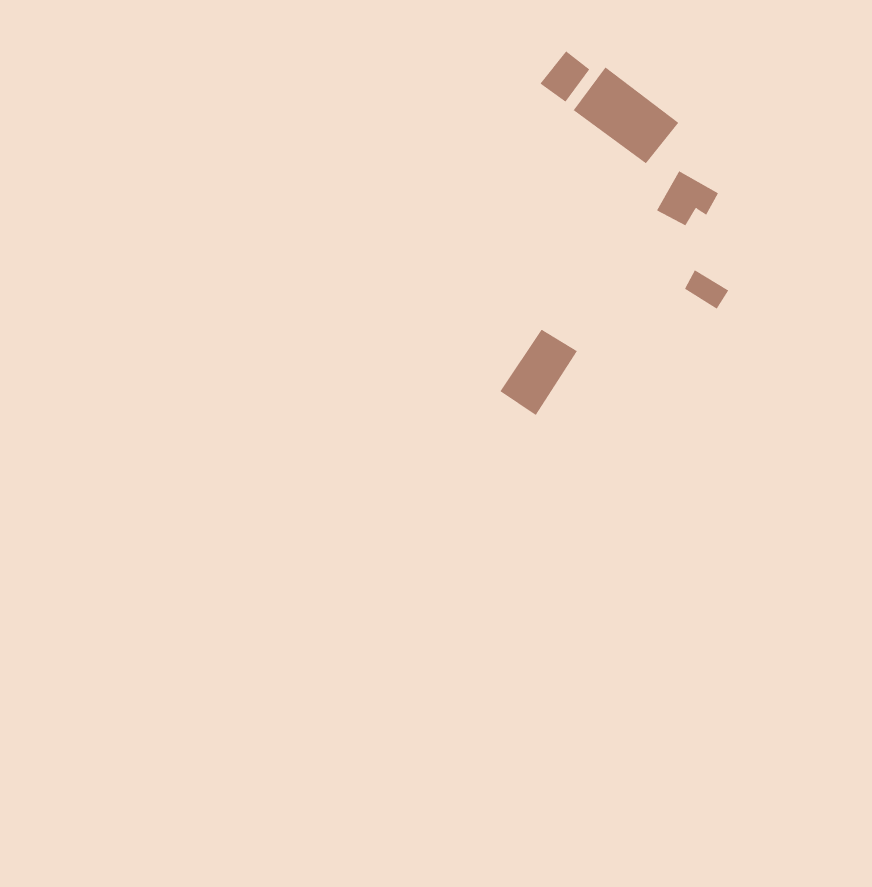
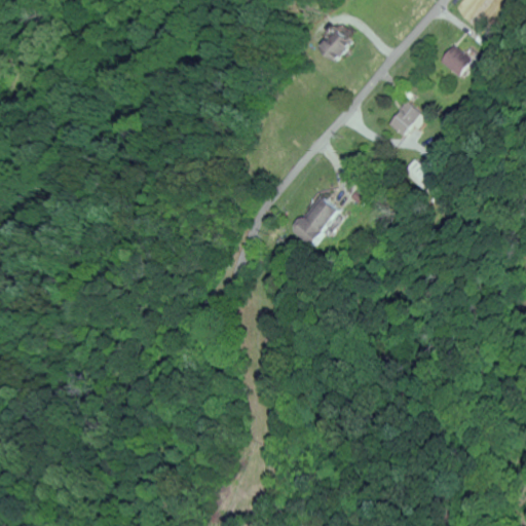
building: [573,67,679,164] -> none
building: none -> [439,43,472,75]

